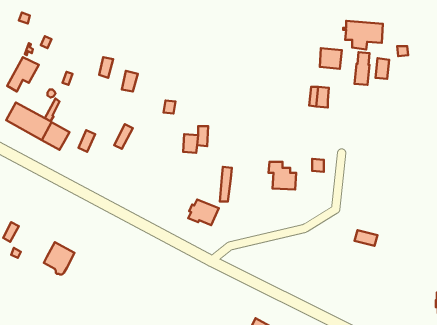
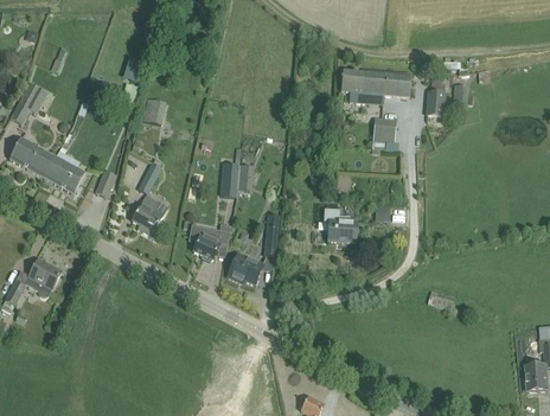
building: [343,21,383,50] -> [338,68,385,102]
building: none -> [132,200,167,237]
building: none -> [188,223,229,260]
building: [44,242,75,275] -> [24,257,60,296]

